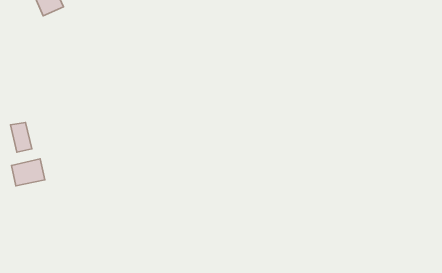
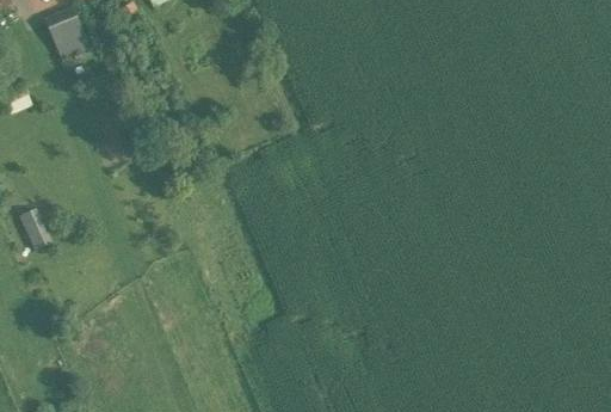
building: [12,159,45,186] -> none

